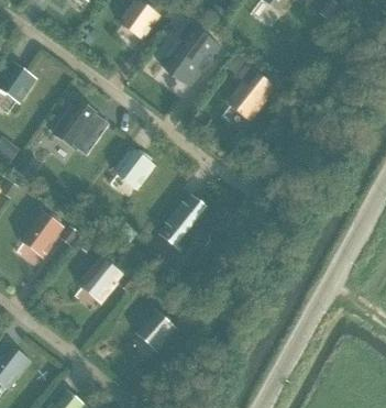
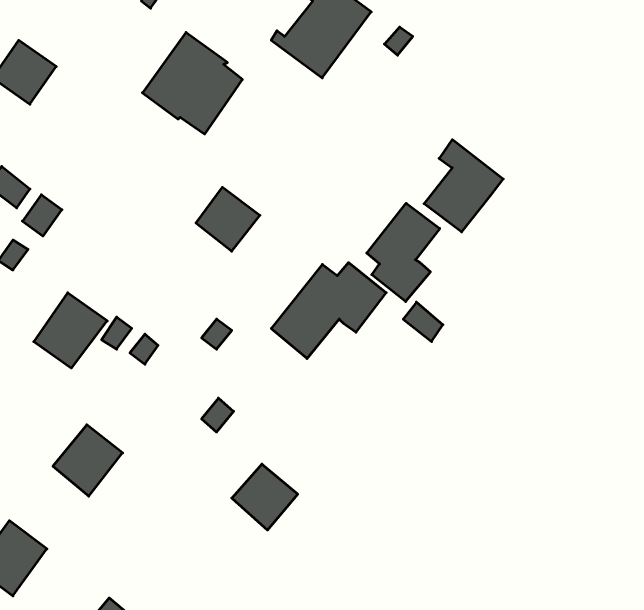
building: [228,65,274,119] -> [424,140,503,232]
building: [49,97,108,156] -> [142,32,242,134]
building: none -> [367,203,440,302]
building: [80,260,121,301] -> [53,425,123,496]

